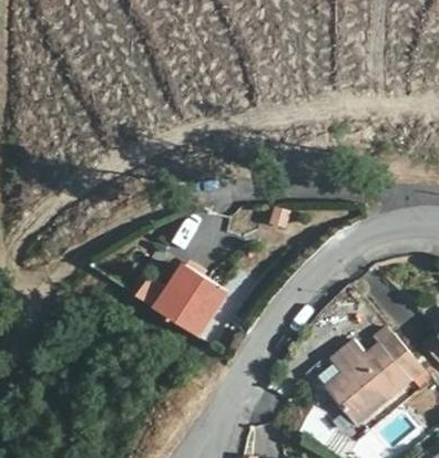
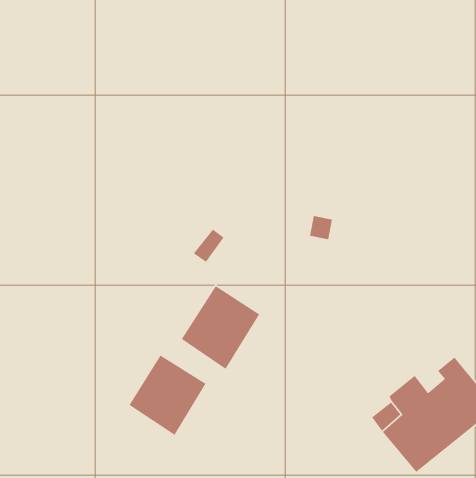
building: none -> [128,354,206,436]

